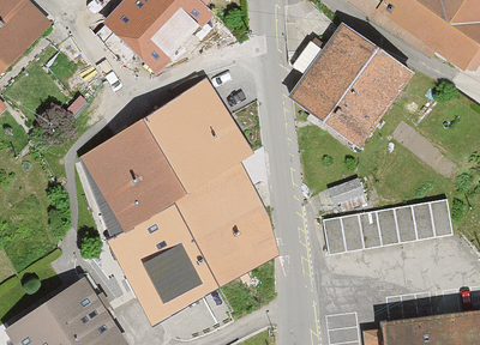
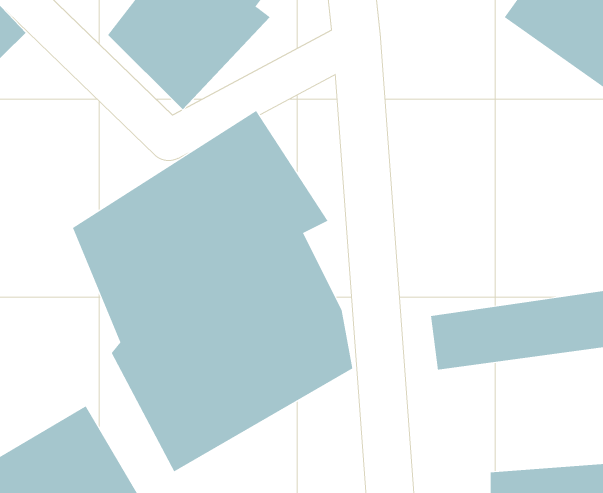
building: [290,25,412,147] -> none

